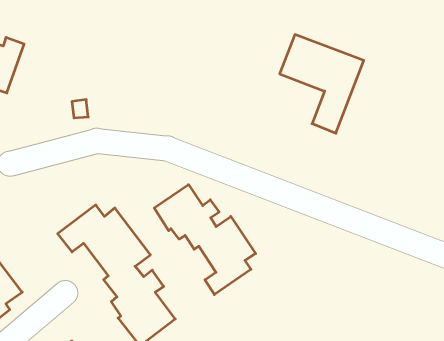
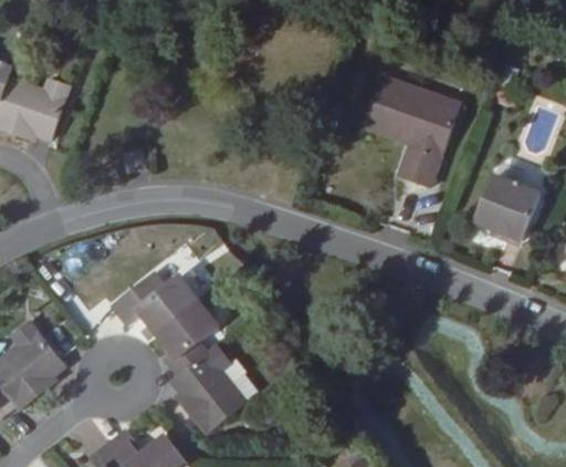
building: none -> [475,174,541,240]
building: [154,185,256,295] -> none

